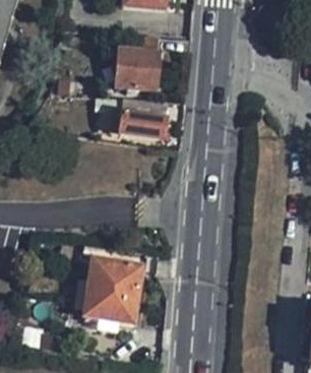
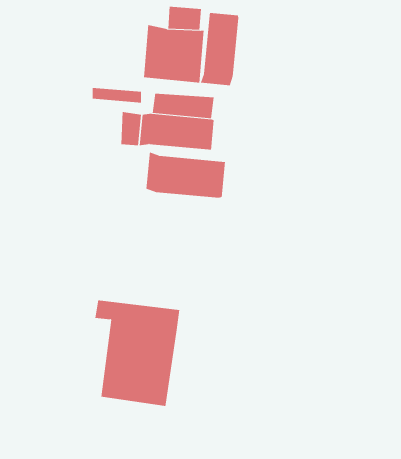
building: none -> [200,12,239,86]
building: none -> [146,152,225,199]

